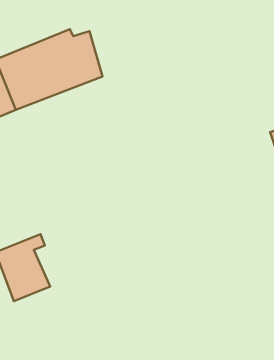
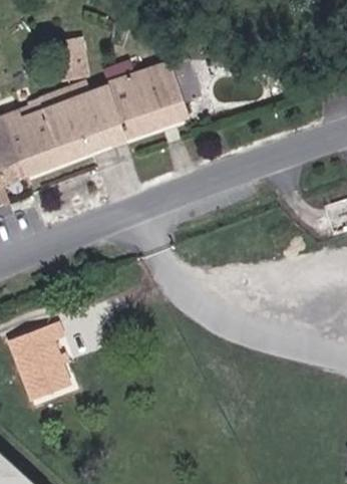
building: none -> [116,58,197,136]

